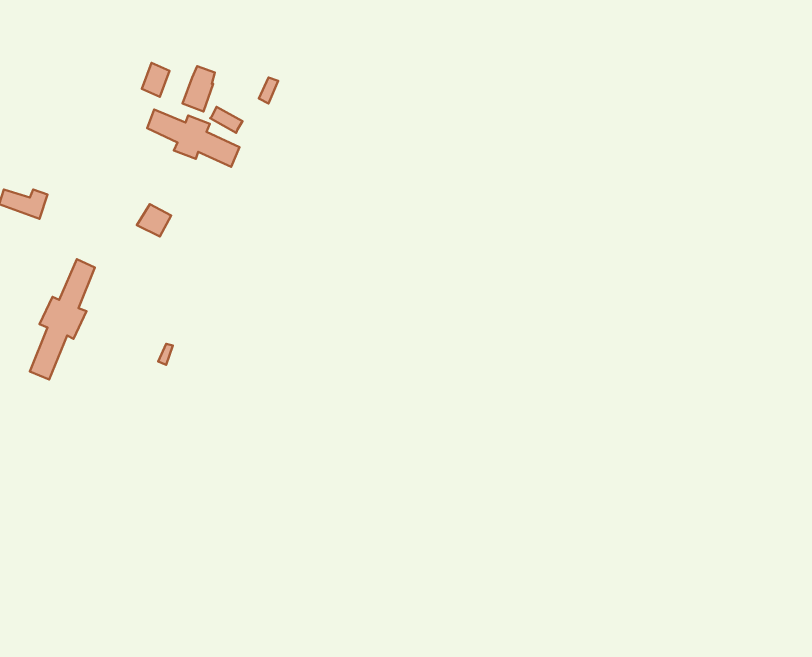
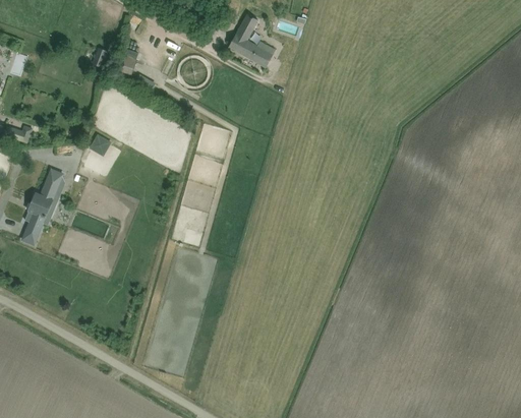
building: none -> [229,14,275,66]
building: [147,110,239,167] -> none

